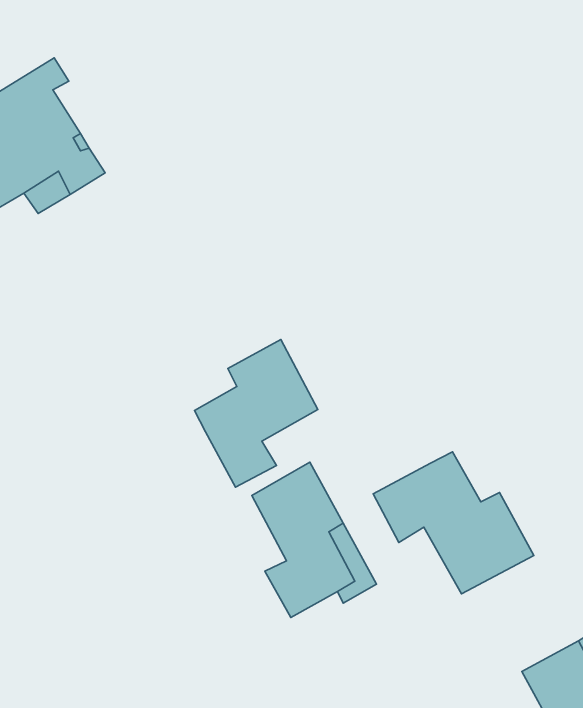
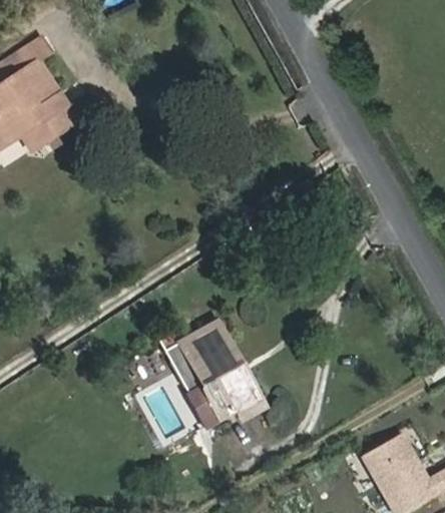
building: [195,339,318,487] -> none
building: [373,452,534,594] -> none

